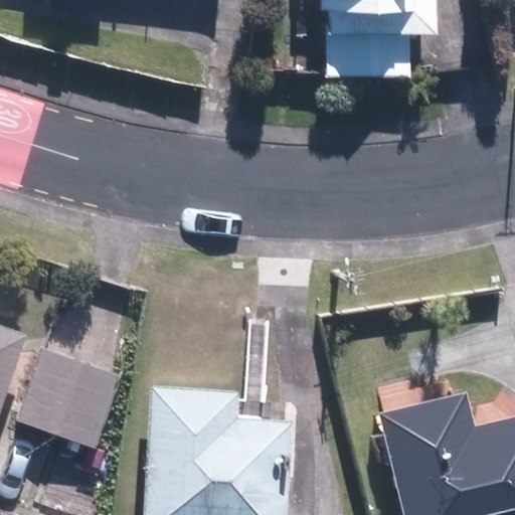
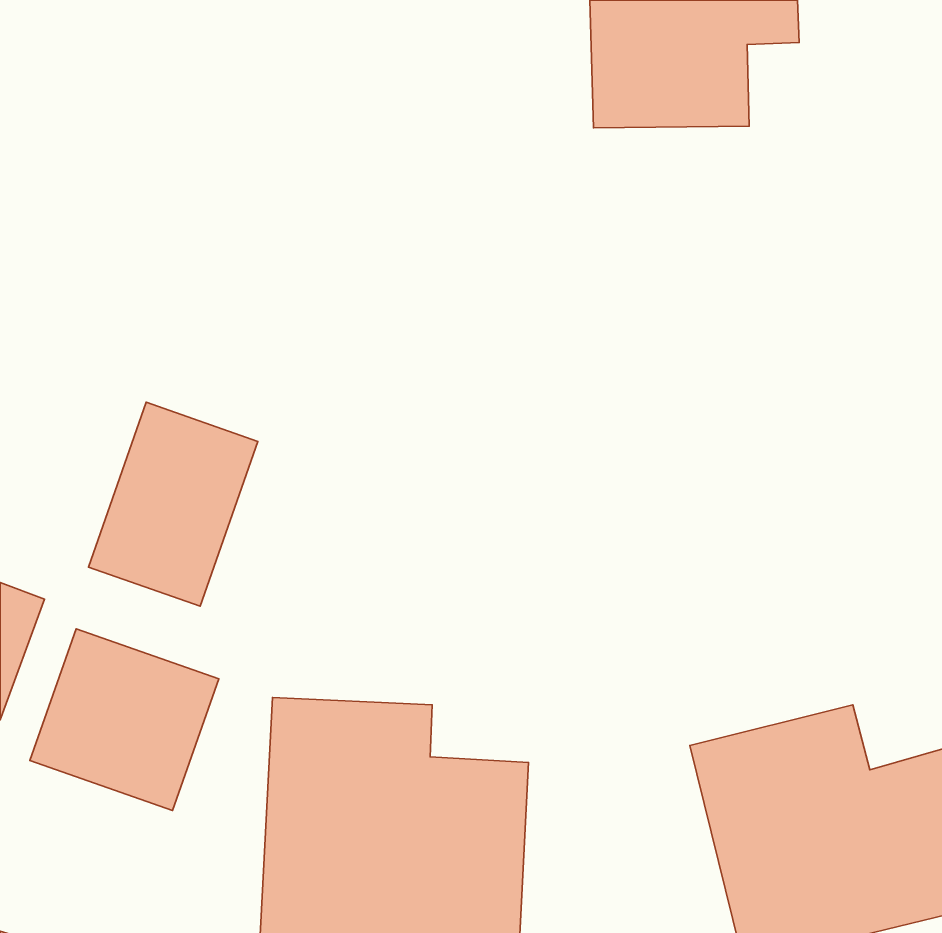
building: none -> [88,402,258,606]

